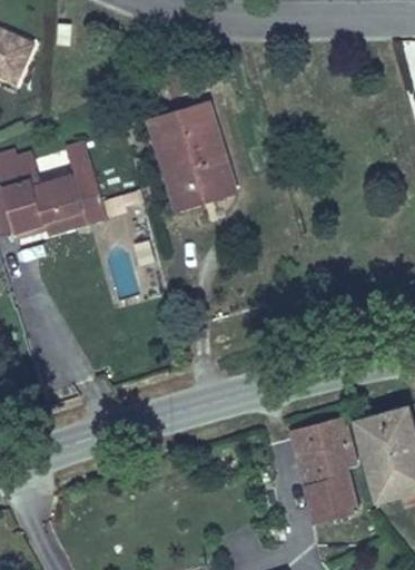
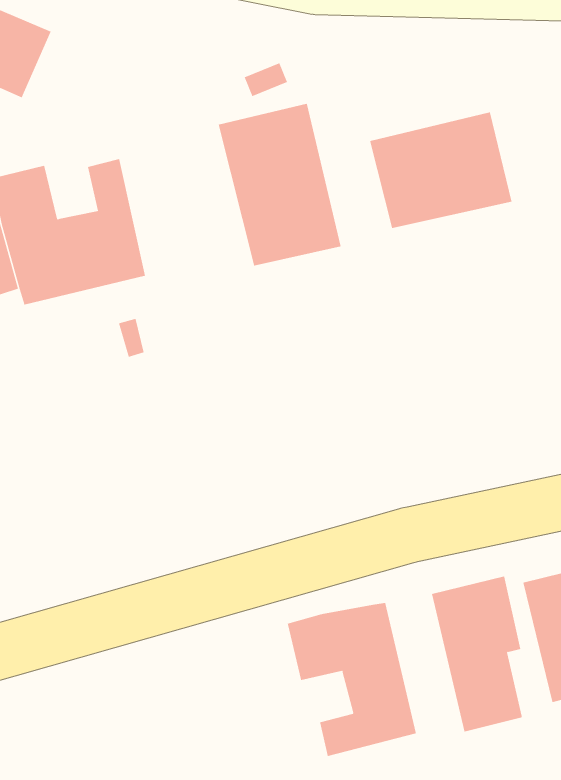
building: none -> [369,112,512,229]
building: none -> [287,602,416,757]

